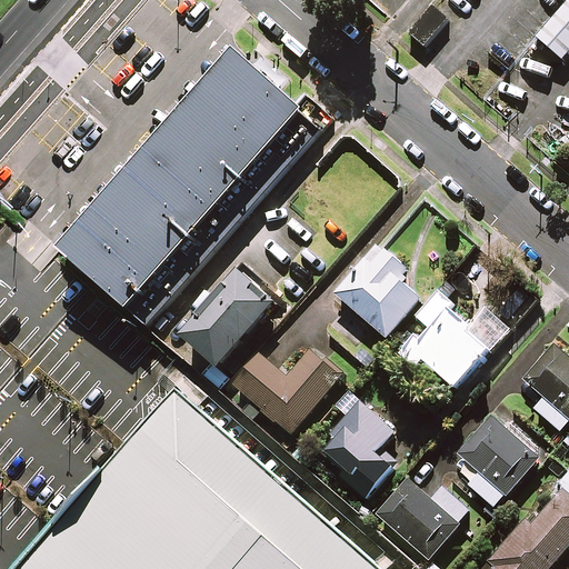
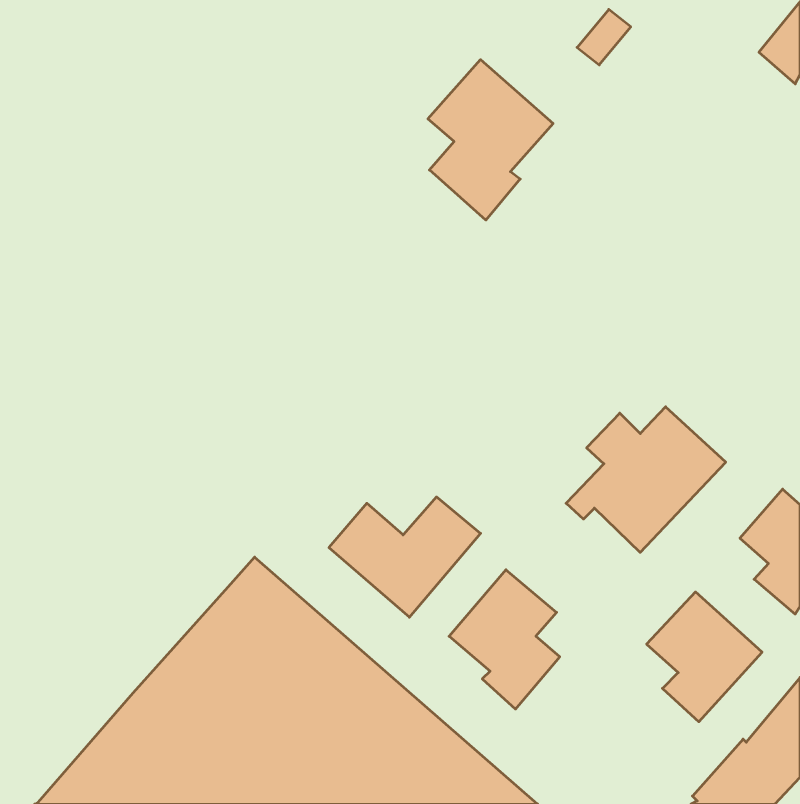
building: none -> [428,60,553,220]
building: [59,51,303,310] -> none
building: [332,244,418,338] -> none
building: [182,272,273,367] -> none
building: [373,478,468,559] -> none

